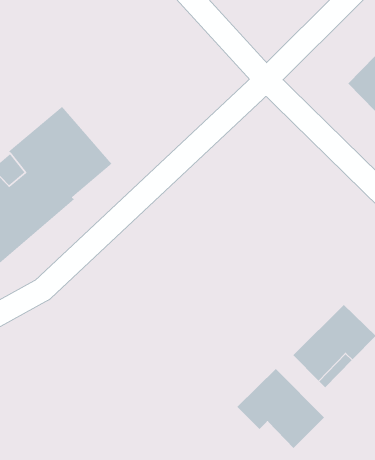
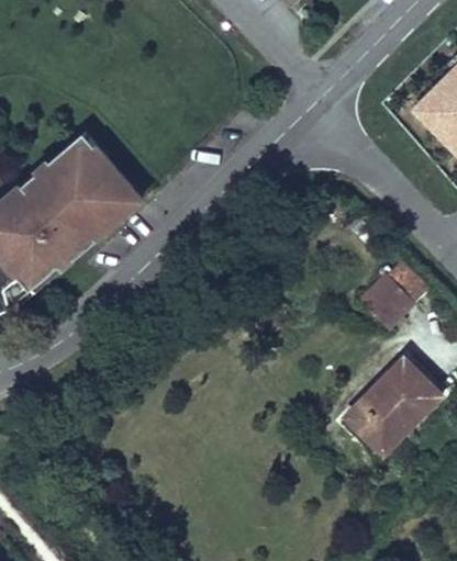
building: none -> [359,272,414,326]
building: [236,368,325,449] -> none

